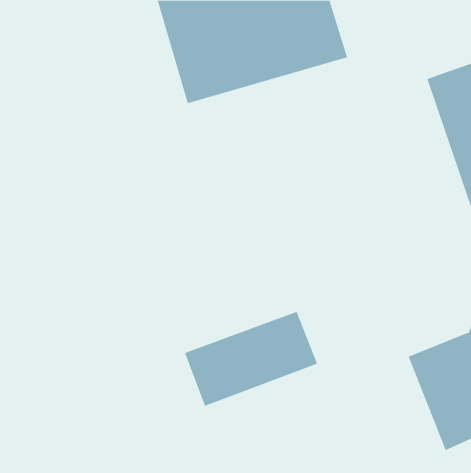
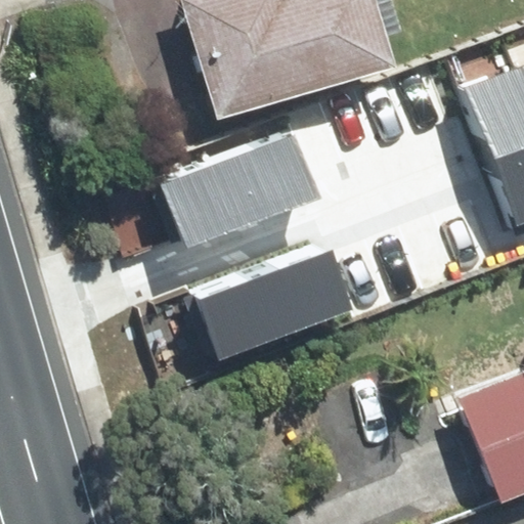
building: none -> [173,138,321,248]
building: [184,311,318,407] -> [206,251,353,356]

